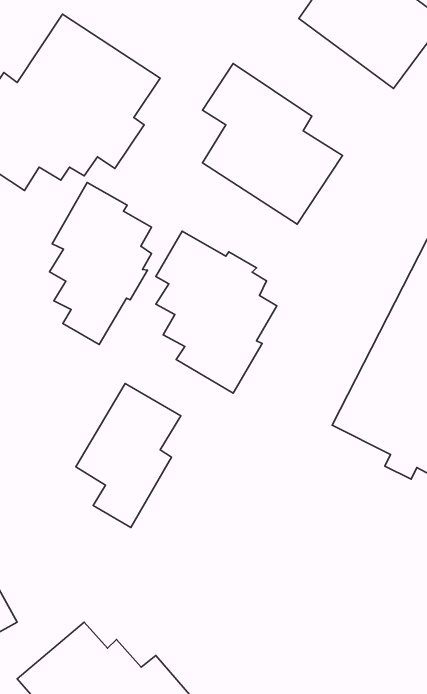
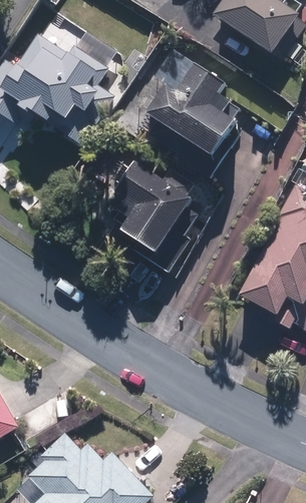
building: [50,182,152,344] -> none
building: [76,384,181,527] -> none

